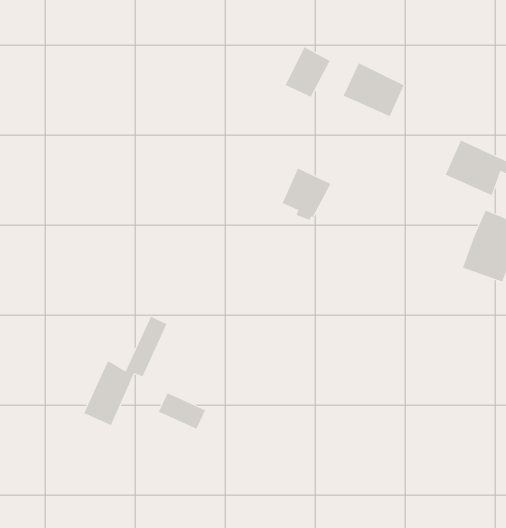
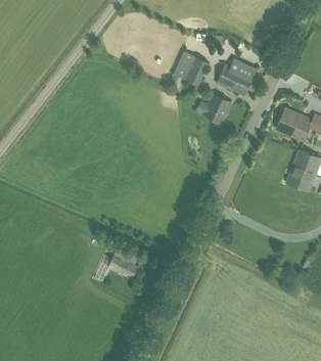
building: [282,168,331,221] -> [202,93,231,124]
building: [83,316,167,426] -> none

